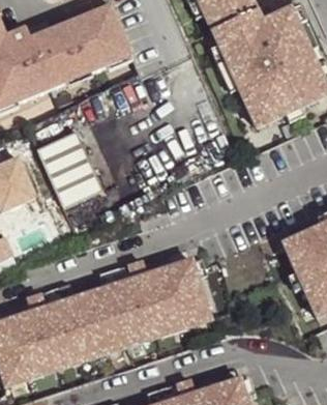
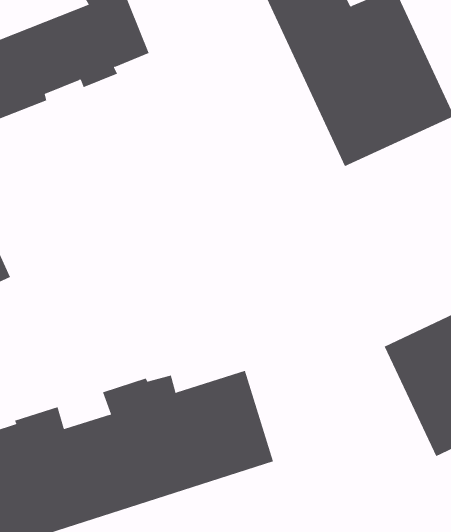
building: [36,131,101,206] -> none

